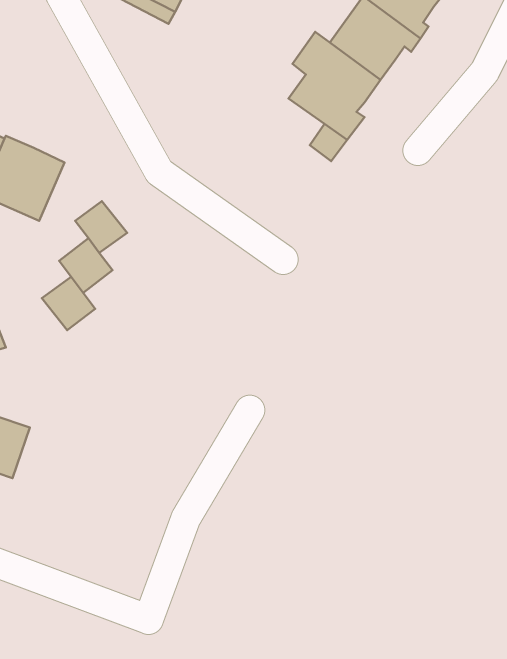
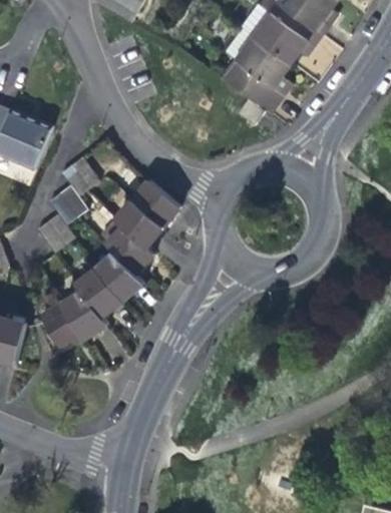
building: none -> [41,179,180,348]

